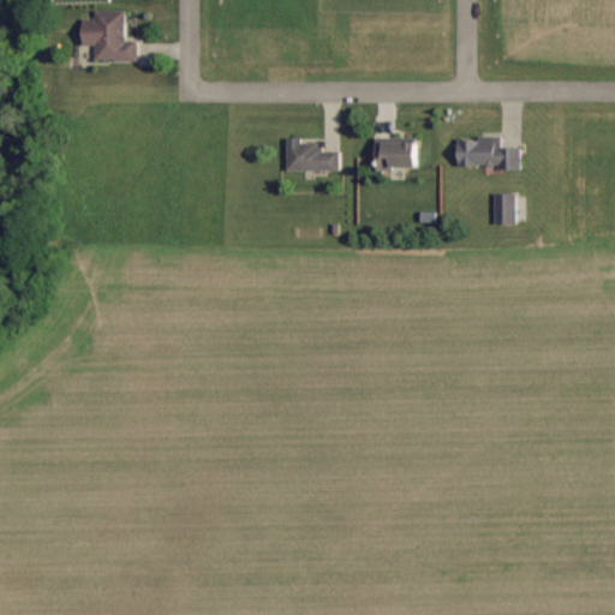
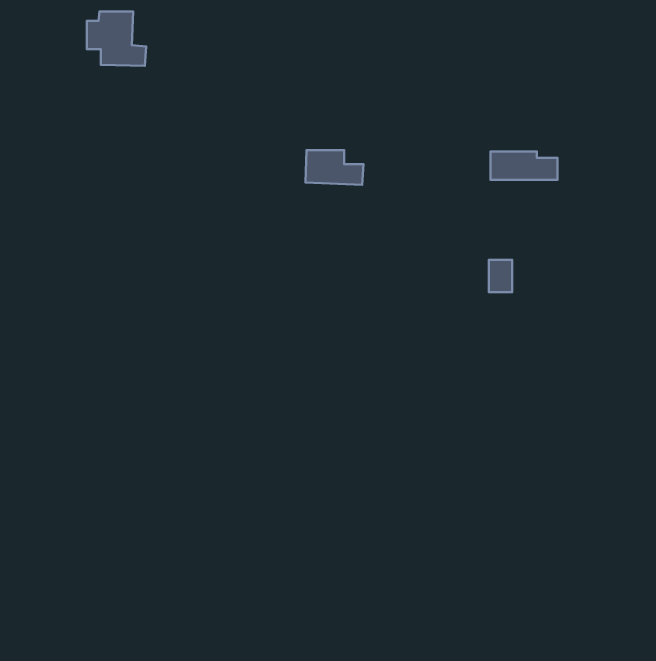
building: [377,142,416,168] -> none
building: [491,193,513,223] -> [489,260,512,292]

